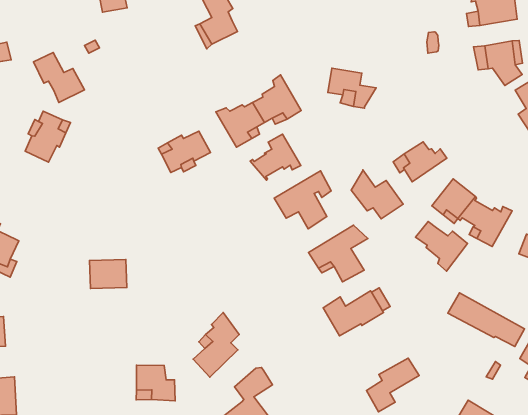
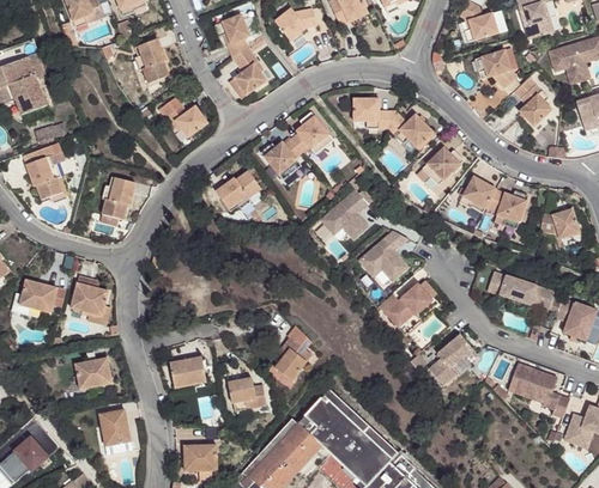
building: [33,53,85,102] -> [161,96,208,138]
building: [250,134,301,180] -> none
building: [351,170,403,219] -> [387,108,434,147]
building: [416,221,468,271] -> none
building: [89,260,127,289] -> [170,356,206,386]

